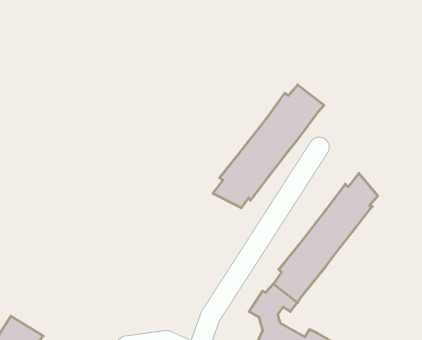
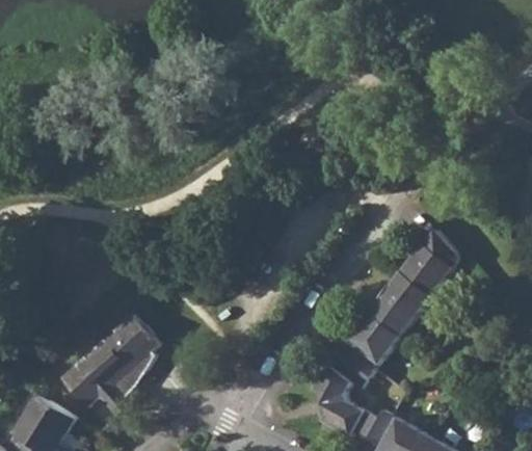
building: [213,85,324,208] -> none
building: none -> [58,315,155,412]

